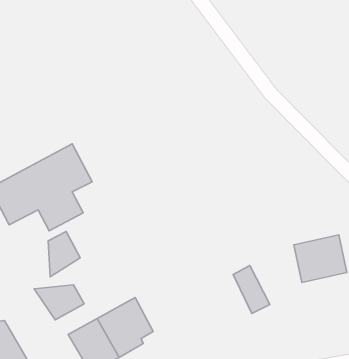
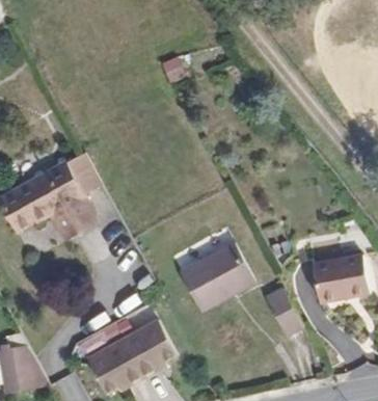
building: none -> [177,238,253,308]
building: [48,231,80,277] -> none
building: [34,285,84,320] -> none

